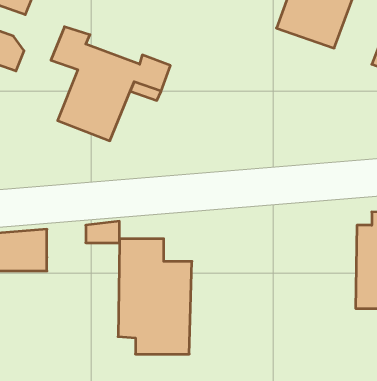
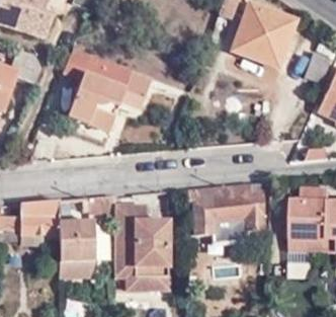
building: none -> [183,182,262,238]
building: none -> [58,223,96,261]

